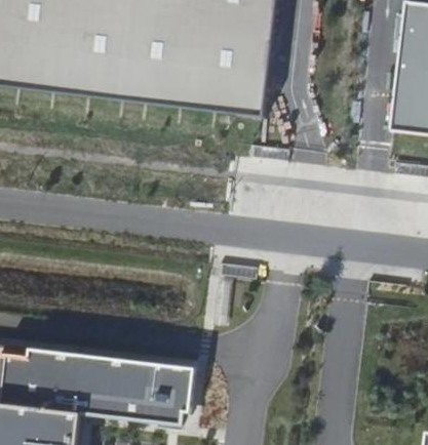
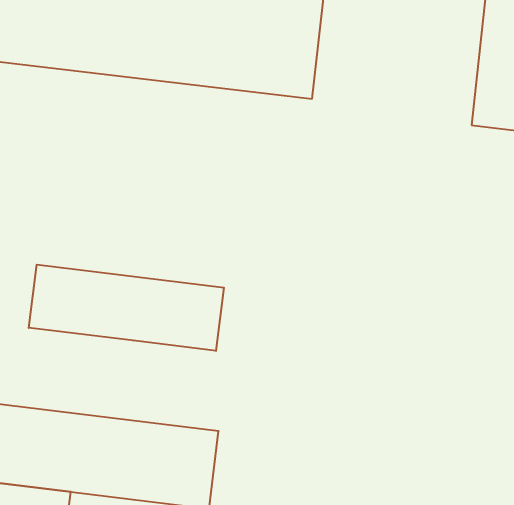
building: none -> [29,265,224,351]

